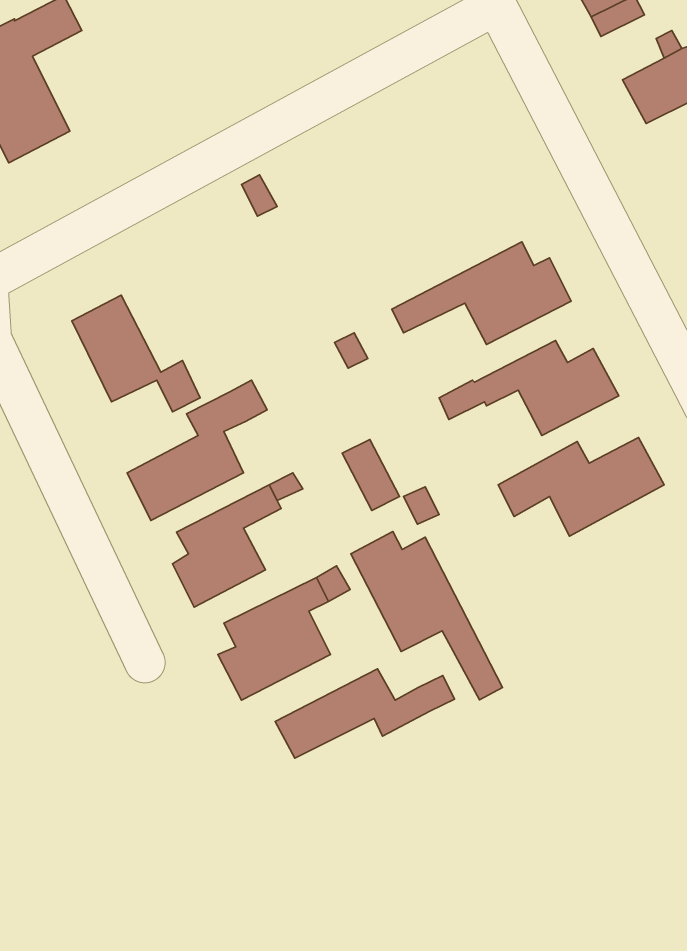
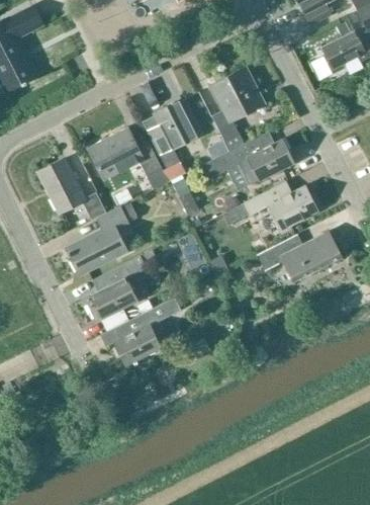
building: none -> [209,68,265,150]
building: none -> [148,100,200,168]
building: none -> [88,128,162,177]
building: [351,531,503,700] -> none
building: [275,669,454,758] -> none

